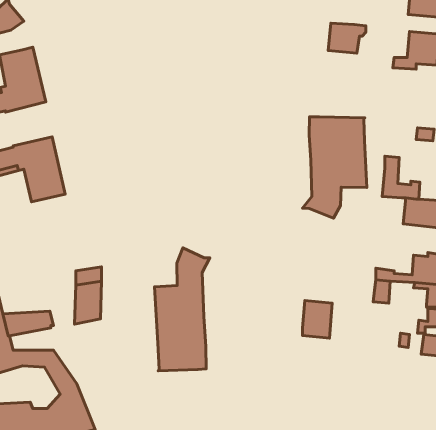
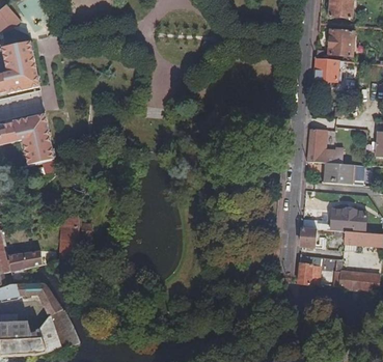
building: [328,23,366,53] -> [313,57,344,81]
building: [303,117,367,218] -> none
building: [155,248,210,371] -> none
building: [302,300,332,338] -> [297,253,321,283]

